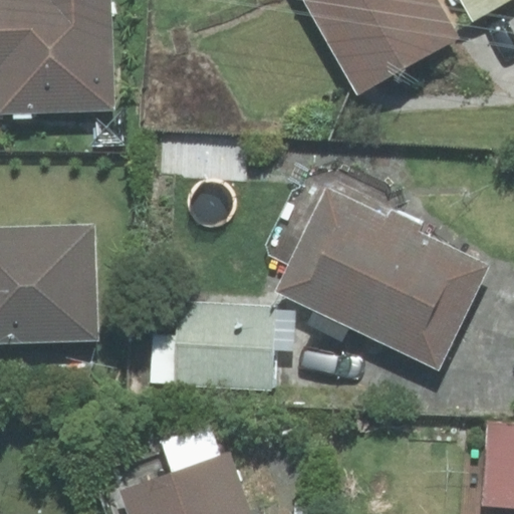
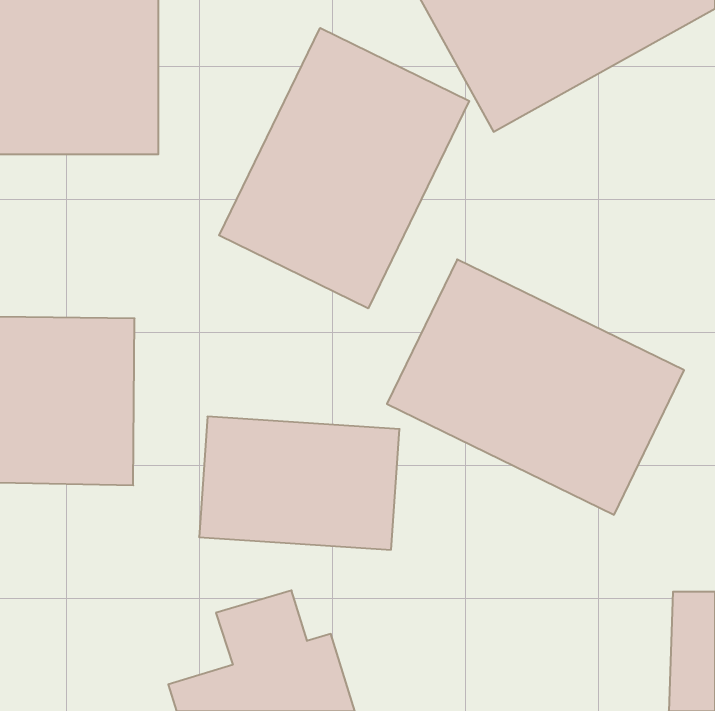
building: none -> [219,28,469,308]

